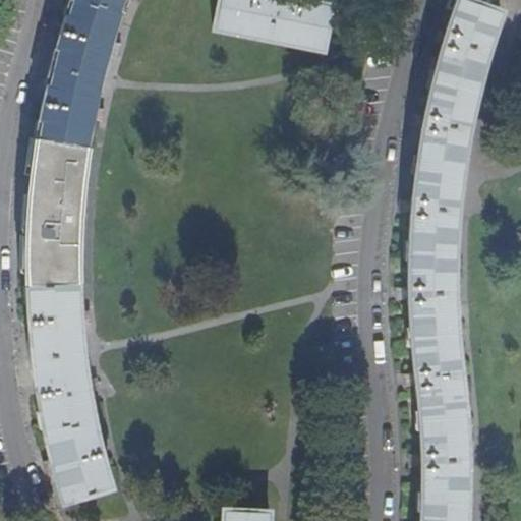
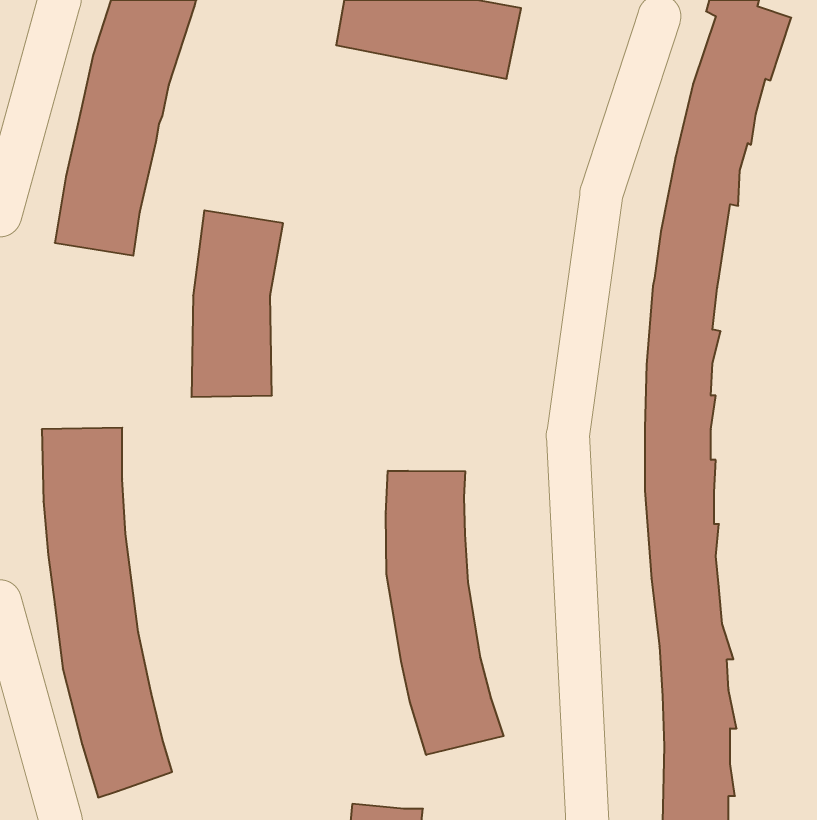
building: [30,155,88,273] -> [191,210,283,397]
building: none -> [386,471,504,755]

